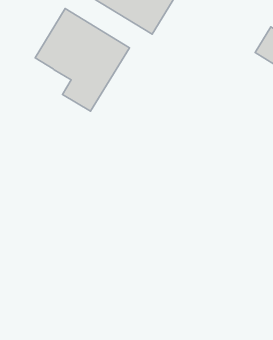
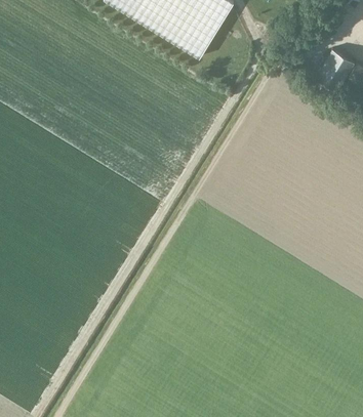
building: [35,8,130,111] -> none

